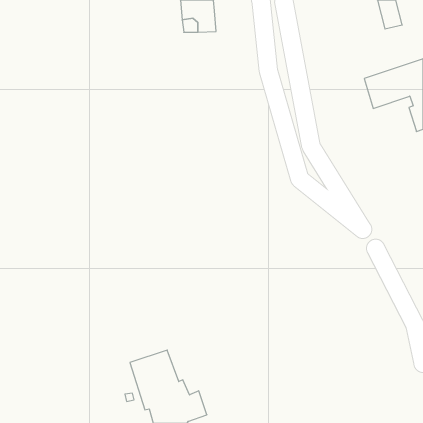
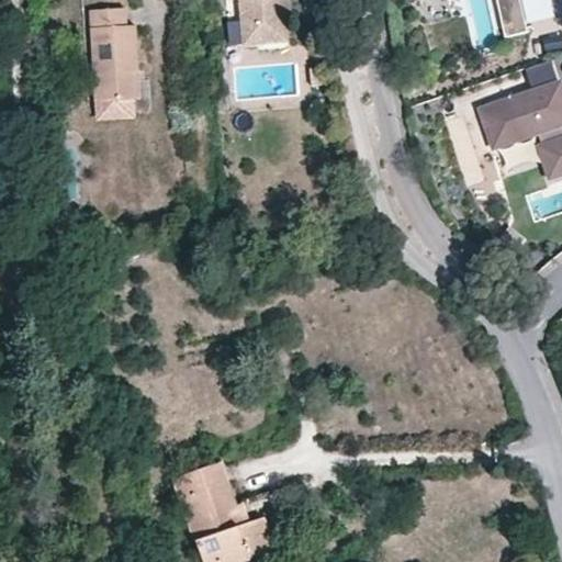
building: none -> [87,9,139,103]

